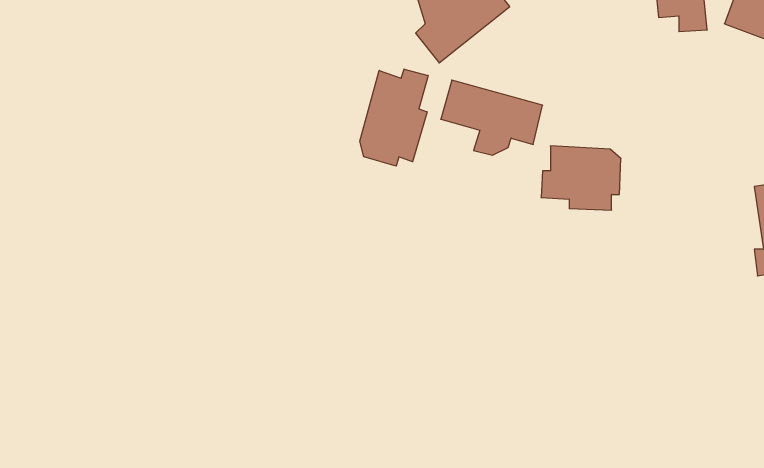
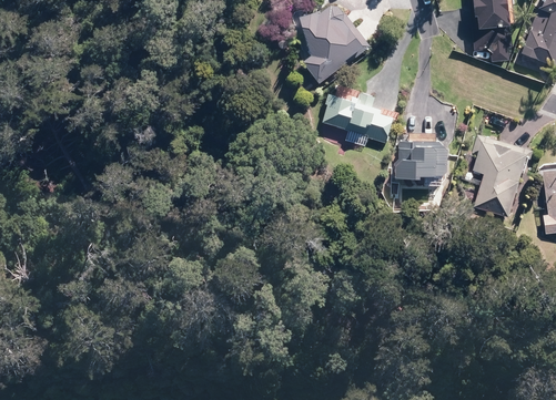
building: [360,69,428,166] -> none
building: none -> [473,136,534,217]

